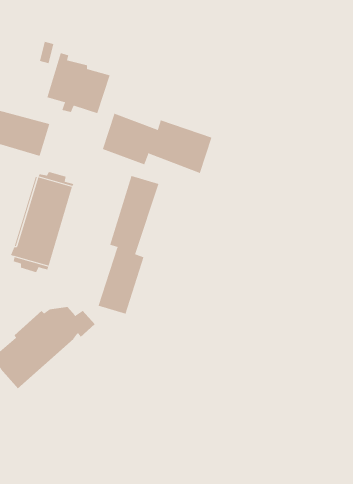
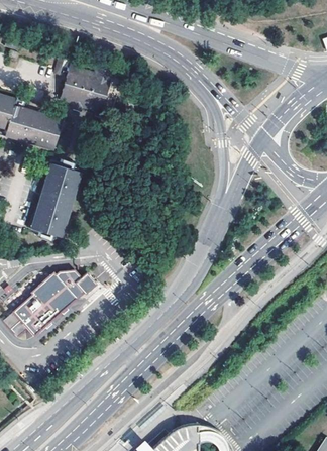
building: [102,113,212,174] -> none
building: [98,175,159,315] -> none

